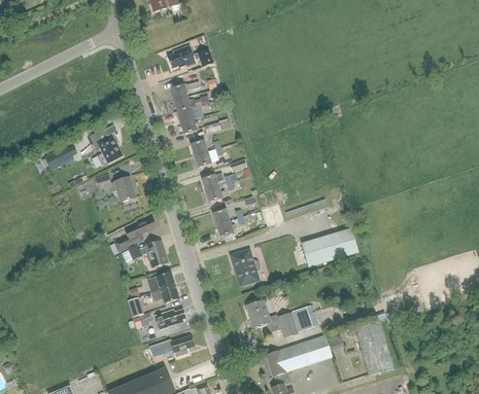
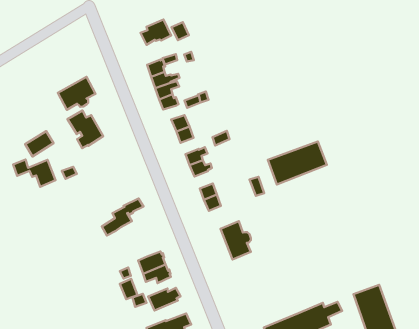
building: none -> [58,77,95,110]
building: [96,174,136,202] -> [13,160,55,187]
building: [301,227,358,266] -> [268,141,327,184]
building: [128,240,167,266] -> none
building: [246,299,318,337] -> none

